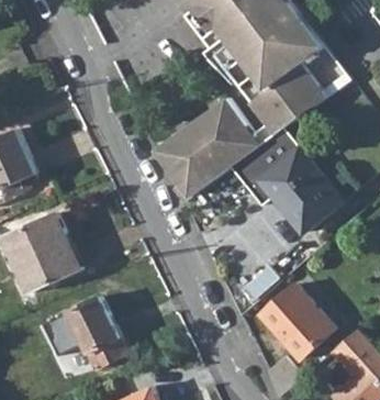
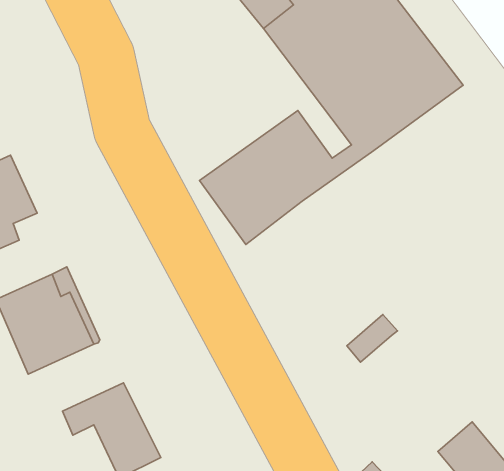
building: [230,126,342,232] -> none
building: [259,285,333,359] -> none

